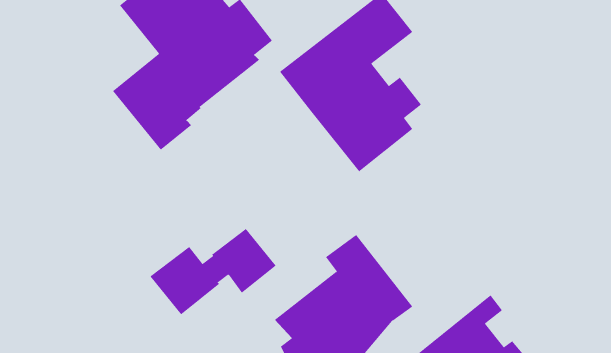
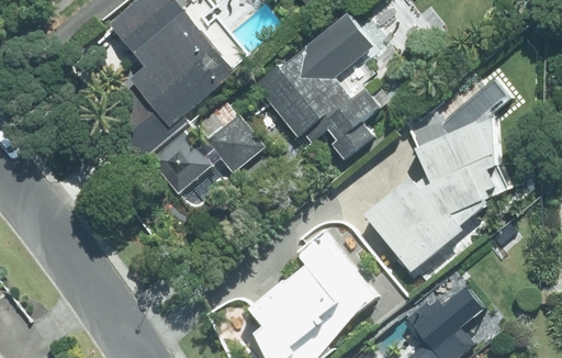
building: none -> [363,114,497,270]
building: [150,228,277,315] -> [148,114,263,193]

